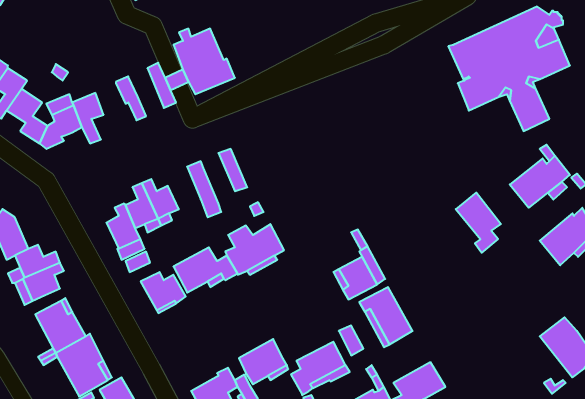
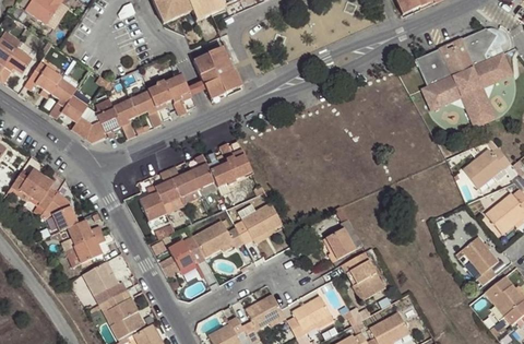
building: none -> [156,78,187,115]
building: none -> [131,90,162,126]
building: none -> [217,143,242,186]
building: none -> [189,155,215,190]
building: [456,193,501,253] -> [462,237,498,285]

